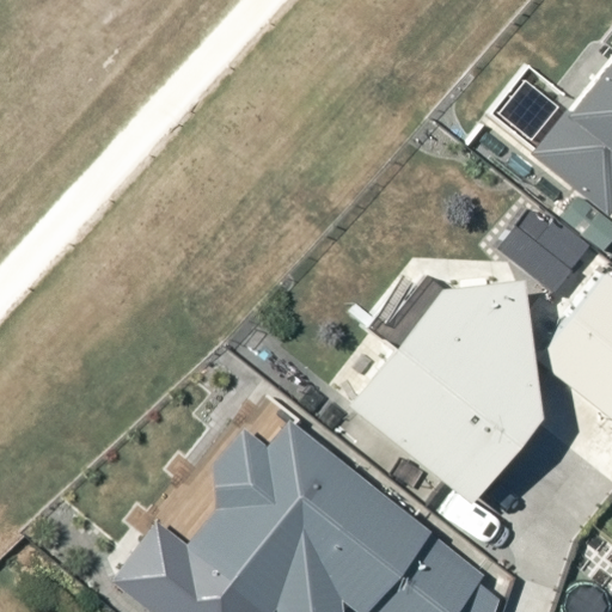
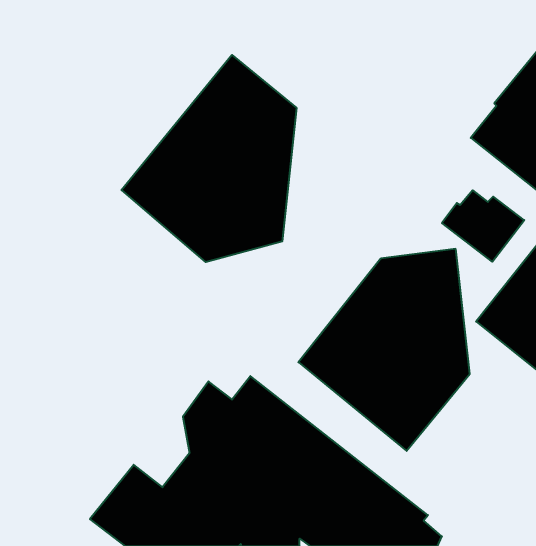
building: none -> [121,55,296,262]

